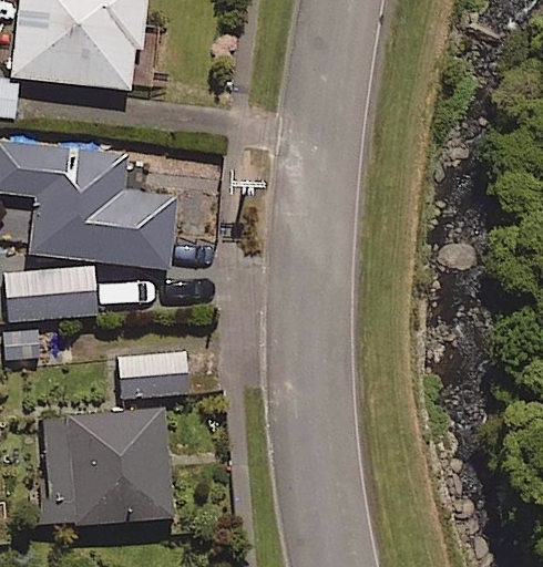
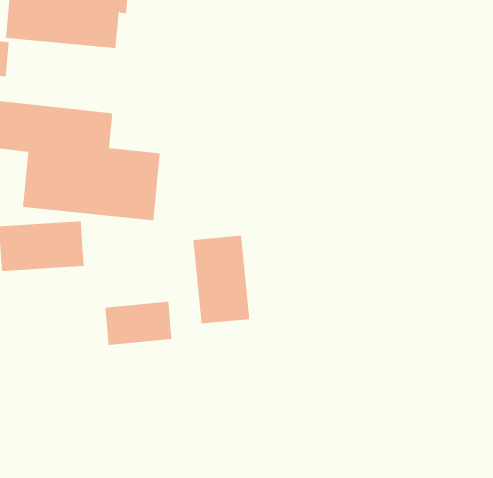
building: none -> [193,235,250,324]
building: [42,410,172,524] -> none

